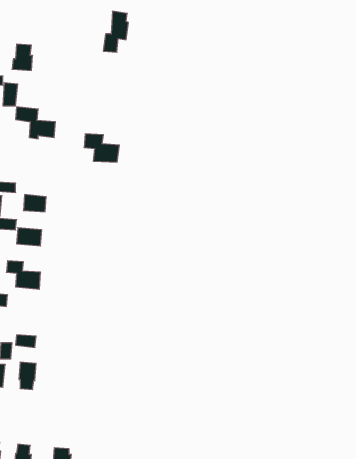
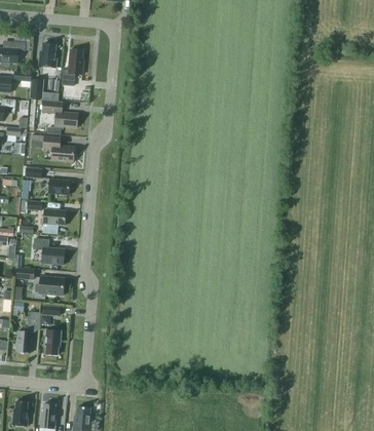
building: [103,11,128,52] -> [62,48,84,85]
building: [84,134,119,162] -> [43,135,75,161]
building: none -> [39,276,64,296]

